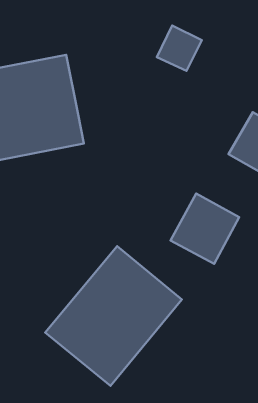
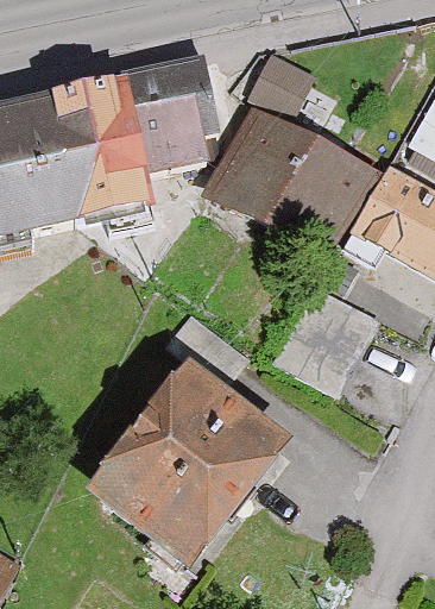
building: none -> [116,51,202,170]
building: none -> [206,107,374,256]

